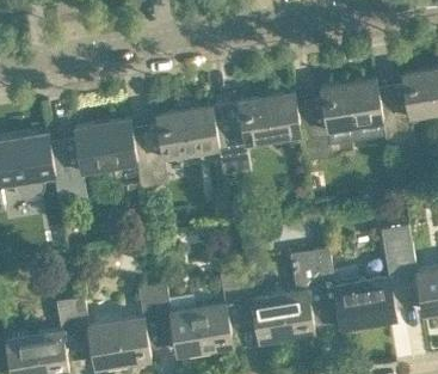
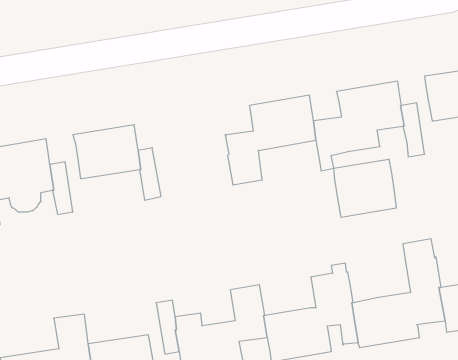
building: [155,108,218,158] -> none
building: none -> [334,159,396,217]

